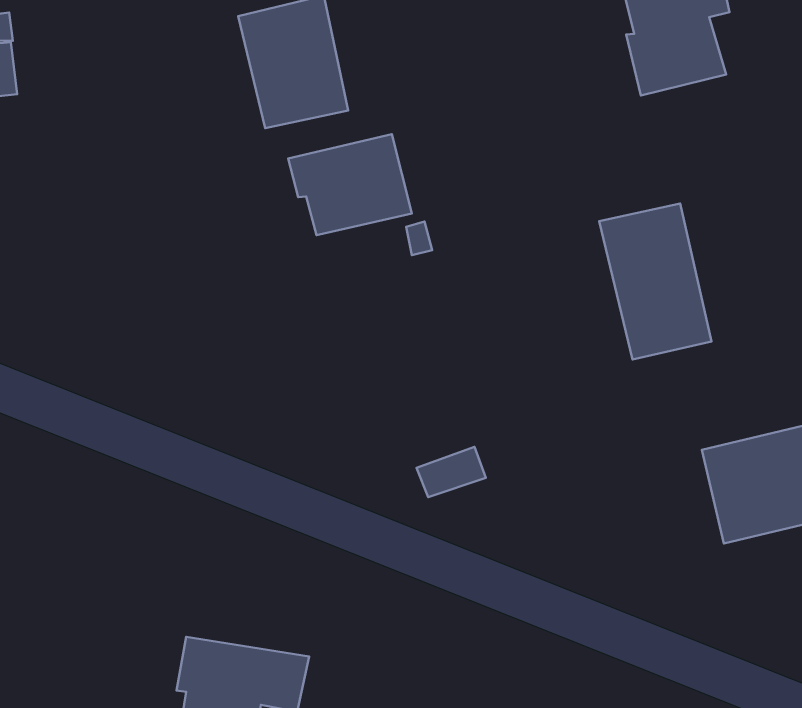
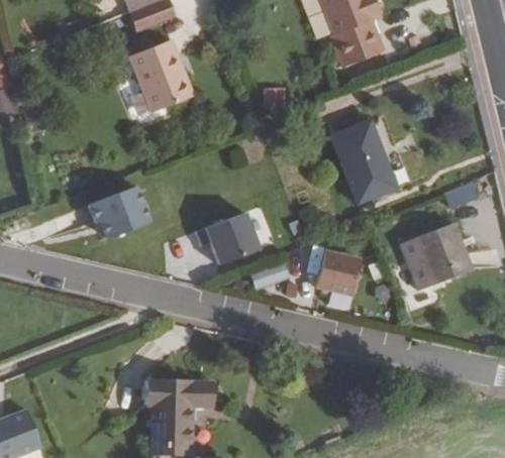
building: [288,134,412,235] -> [91,183,159,240]
building: none -> [205,214,264,271]
building: none -> [311,250,358,295]

